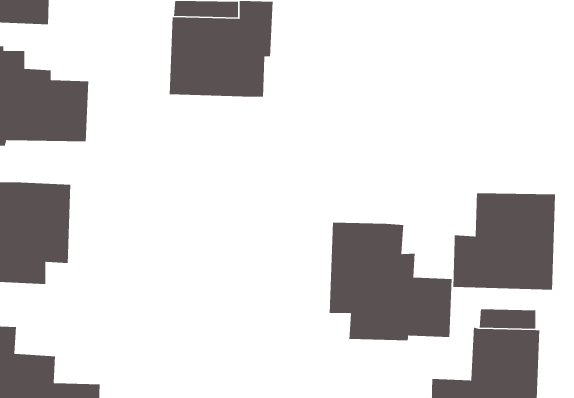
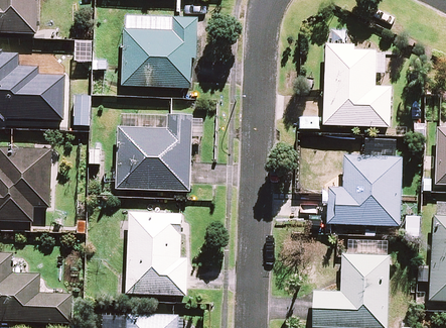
building: none -> [323,43,392,127]
building: none -> [116,114,192,191]
building: [329,222,453,341] -> none
building: none -> [127,212,187,295]

